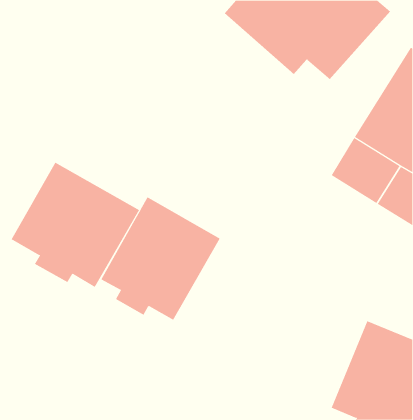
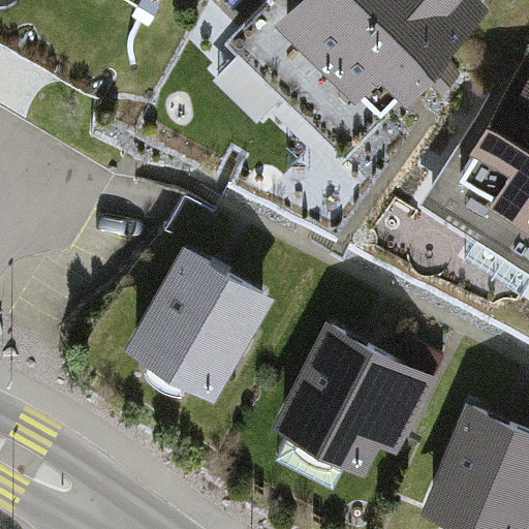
building: [11,162,140,288] -> none
building: none -> [272,325,437,479]

